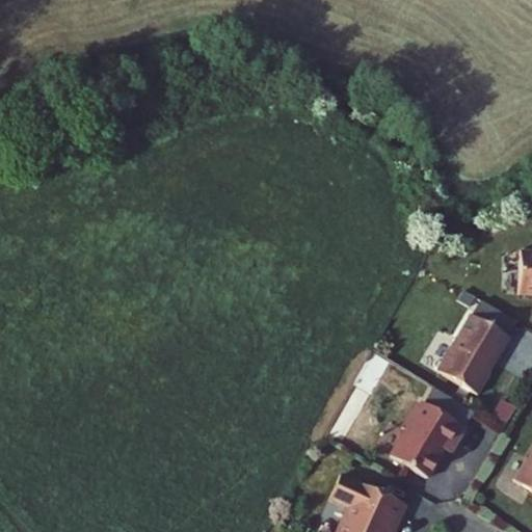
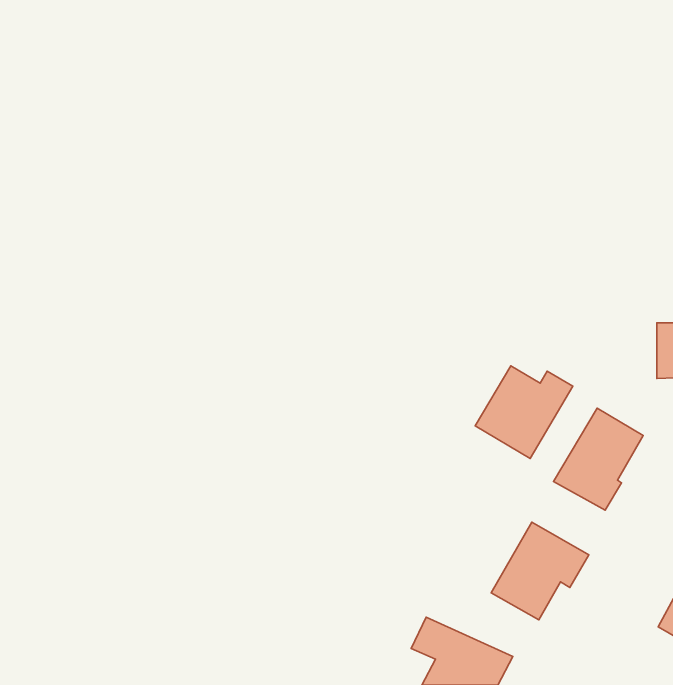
building: none -> [475,366,573,458]

